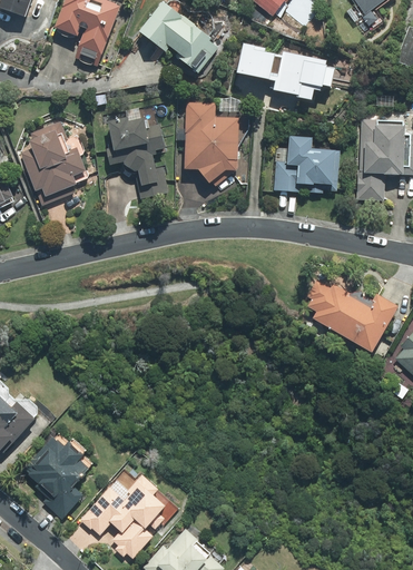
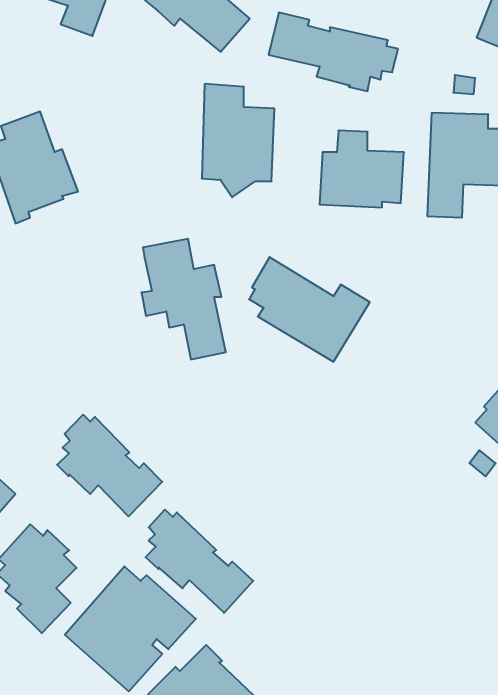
building: [106,106,170,198] -> [141,239,226,359]
building: [305,272,397,352] -> [249,257,370,362]
building: none -> [57,415,162,516]
building: none -> [146,510,253,613]

